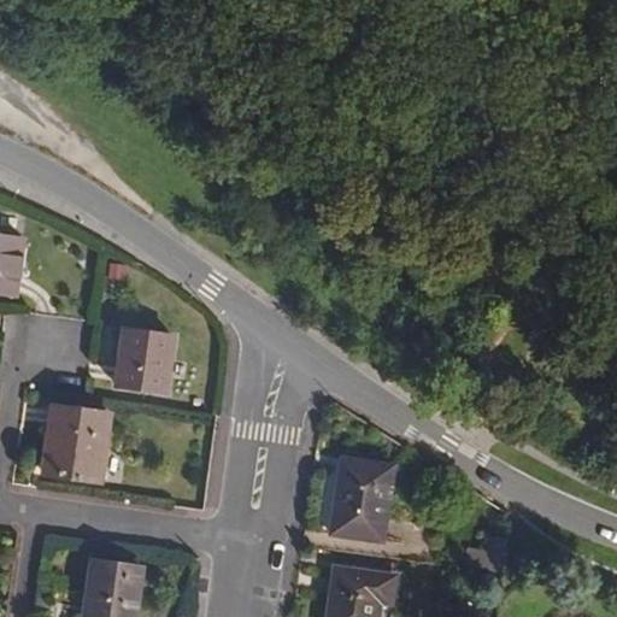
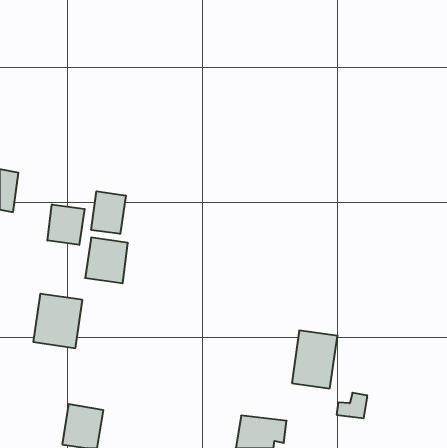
building: none -> [91,191,126,234]
building: none -> [47,204,85,245]
building: [327,464,389,543] -> [292,331,338,388]

